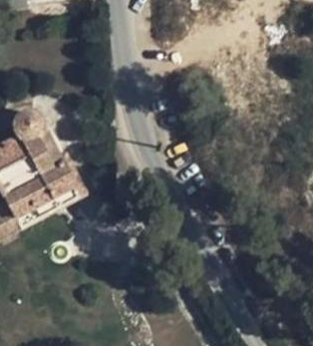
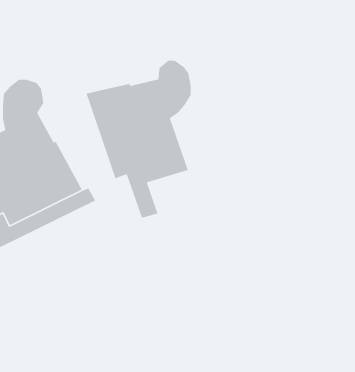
building: none -> [85,60,192,219]

